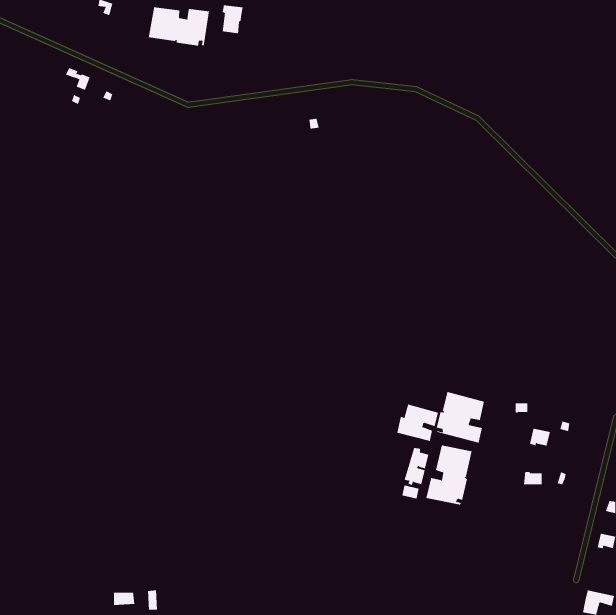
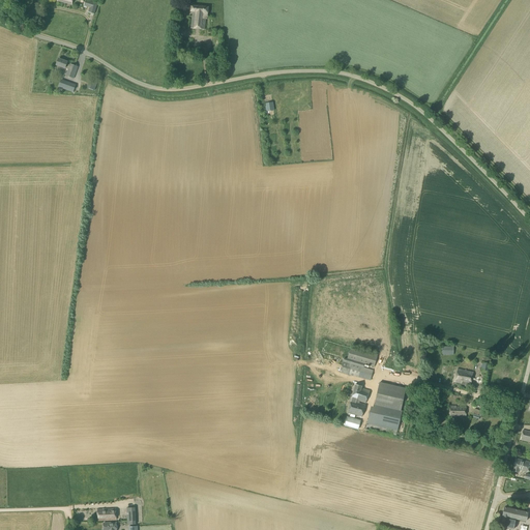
building: [148,7,210,46] -> none
building: [436,391,485,443] -> none

